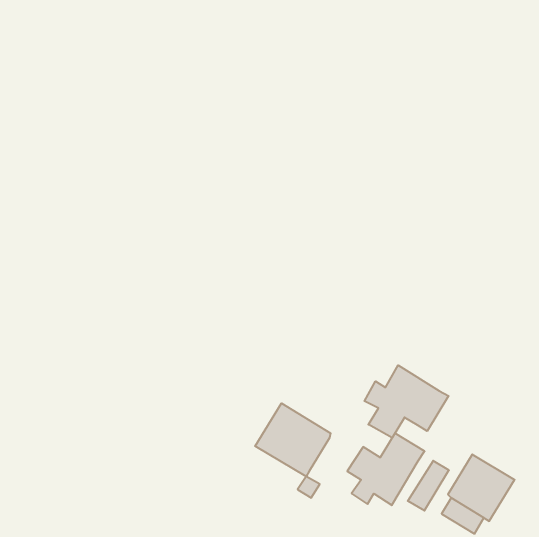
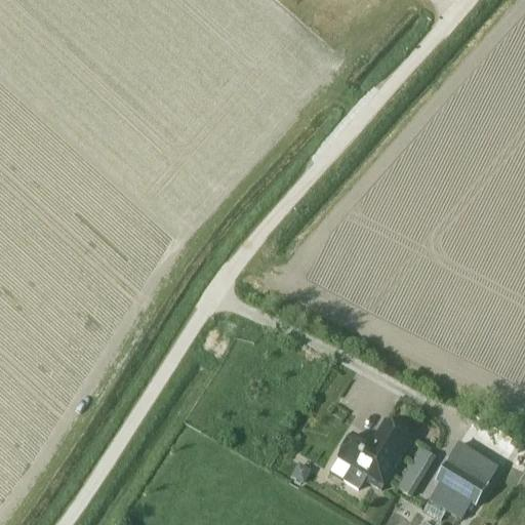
building: [364,365,449,438] -> none
building: [255,403,331,477] -> none

